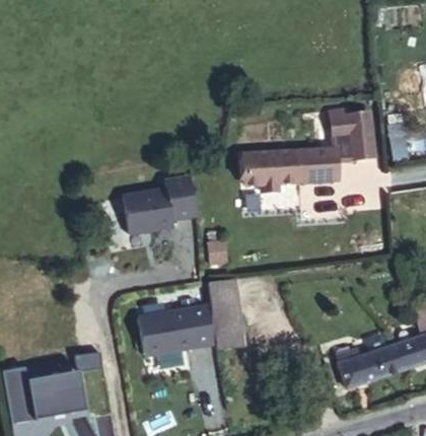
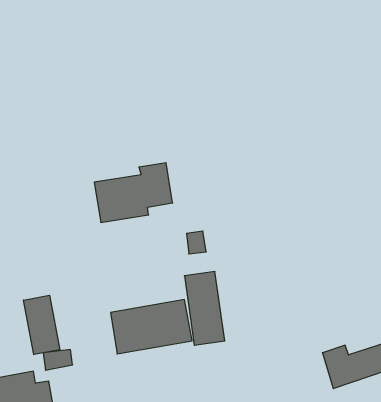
building: [244,114,375,191] -> none
building: none -> [24,295,60,355]

